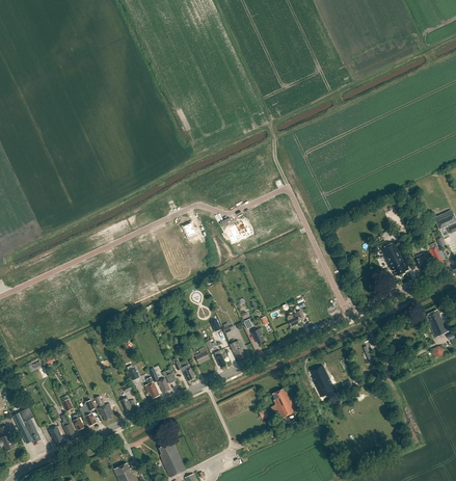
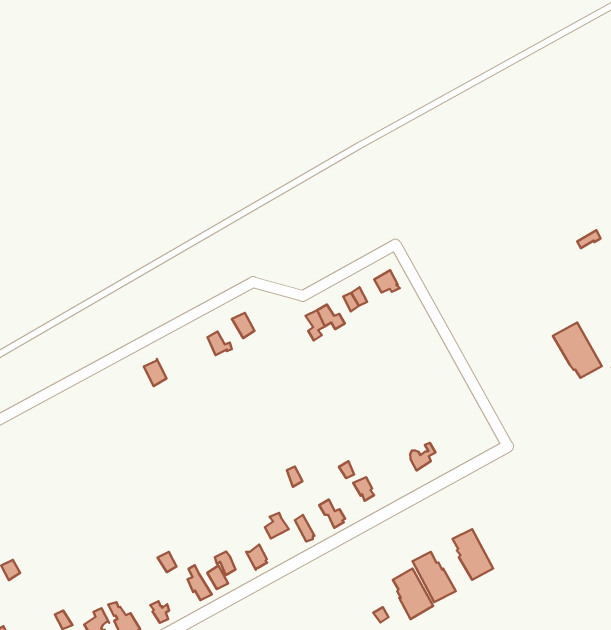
building: none -> [412,552,456,602]

